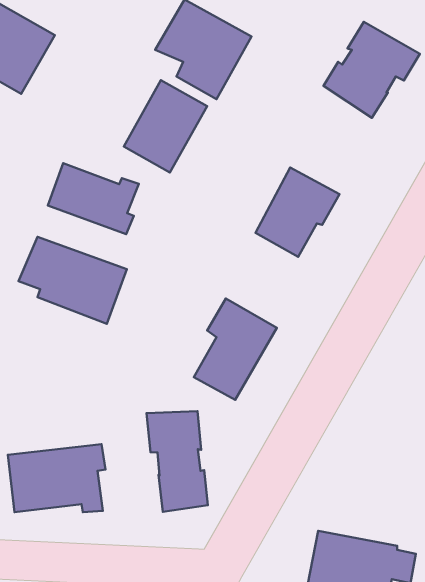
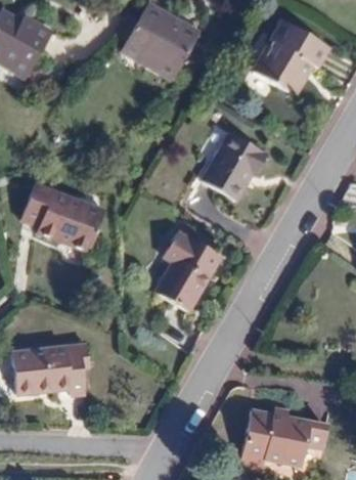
building: [124,80,207,172] -> none
building: [48,163,139,234] -> none
building: [147,411,208,512] -> none

